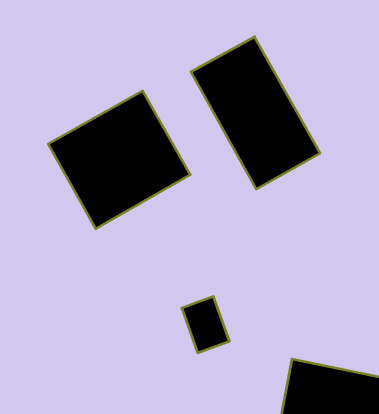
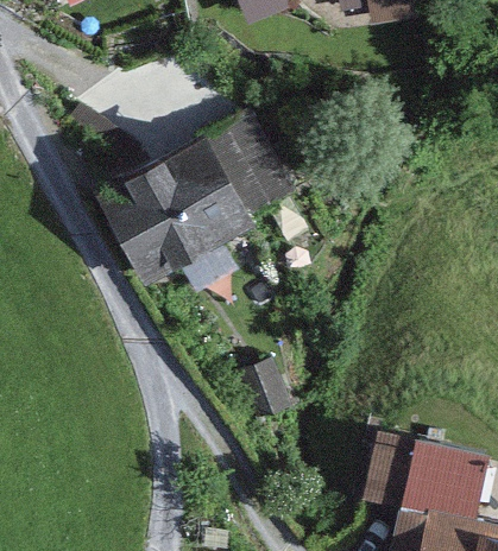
building: [191,37,320,189] -> none

